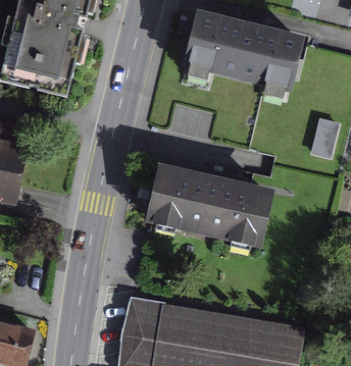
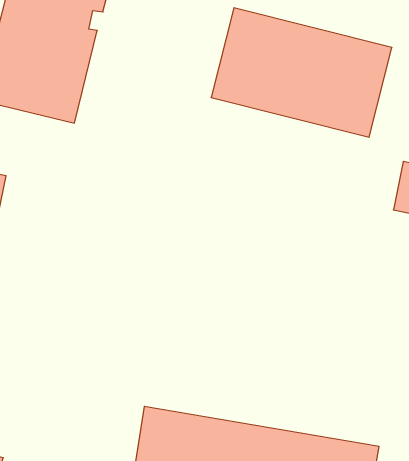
building: [142,165,273,246] -> none

